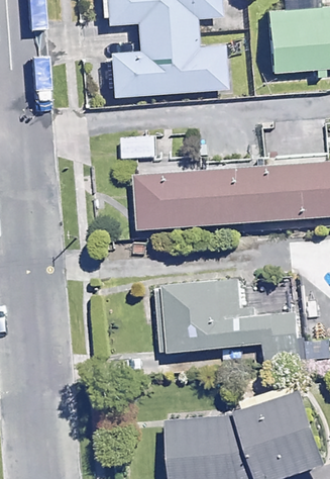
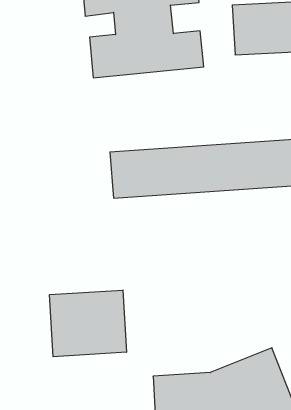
building: [164,283,301,366] -> none
building: none -> [50,290,126,357]

